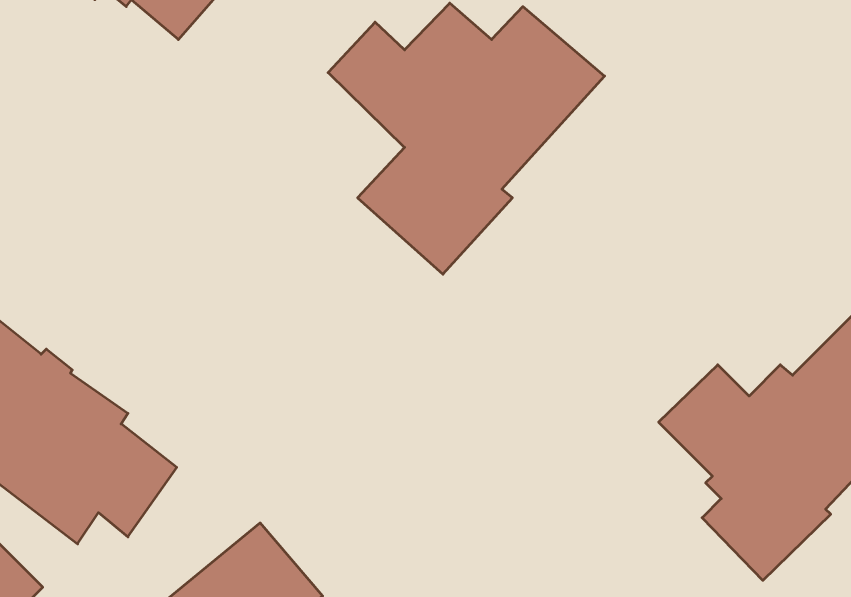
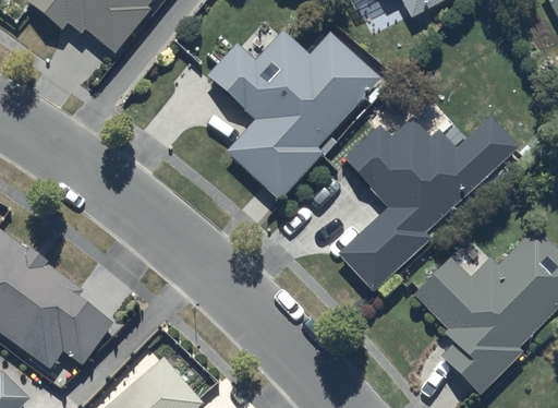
building: none -> [337,116,519,290]

